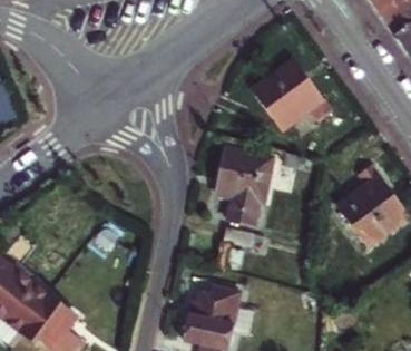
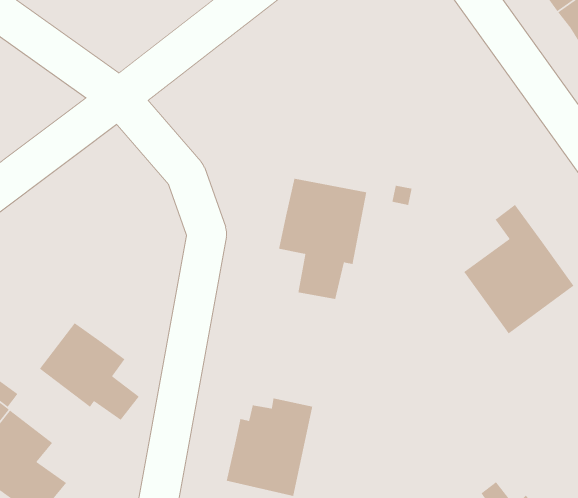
building: [252,57,331,126] -> none
building: none -> [39,322,140,421]

